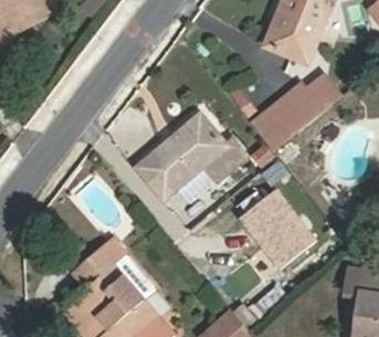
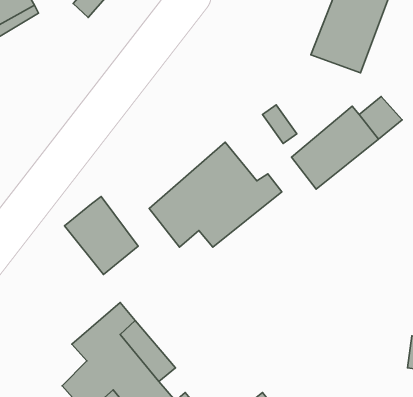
building: none -> [65,196,138,274]
building: [236,185,314,263] -> none

